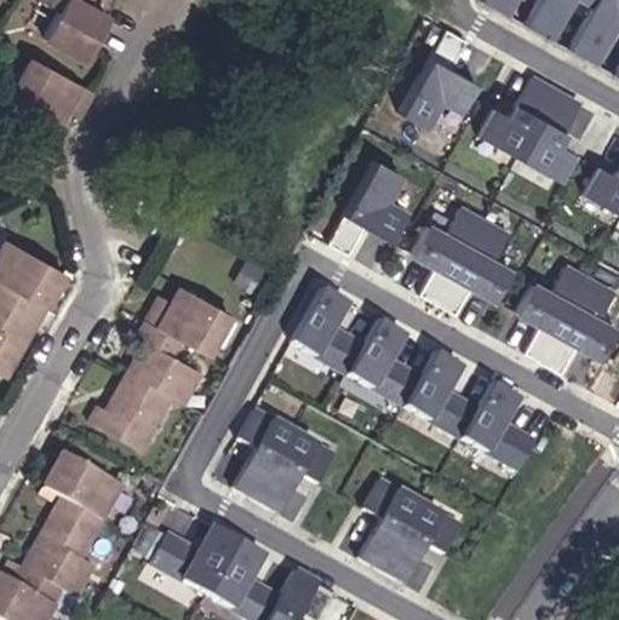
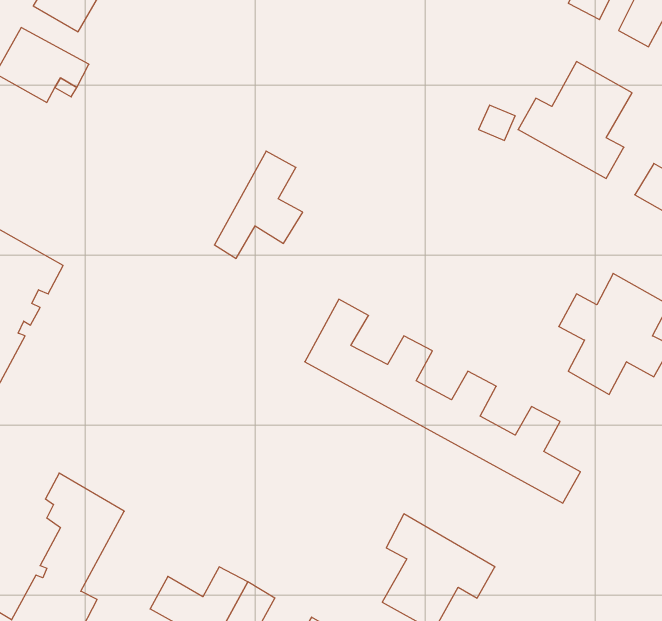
building: [402,29,478,126] -> none
building: [328,160,407,256] -> [214,151,303,258]
building: [412,207,511,315] -> none
building: [96,271,240,437] -> none
building: [233,411,333,515] -> none

